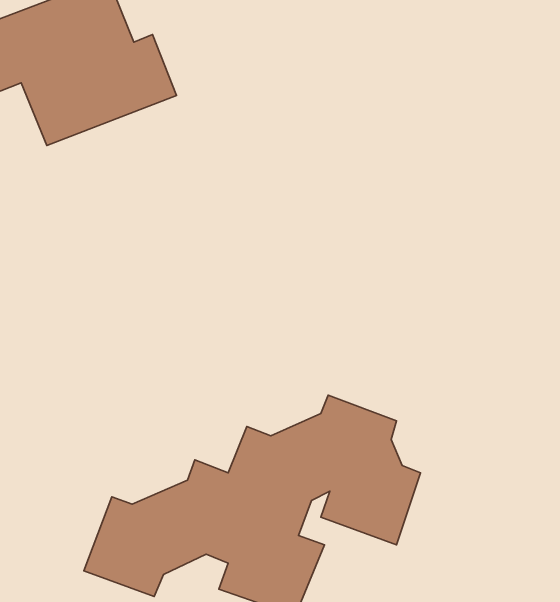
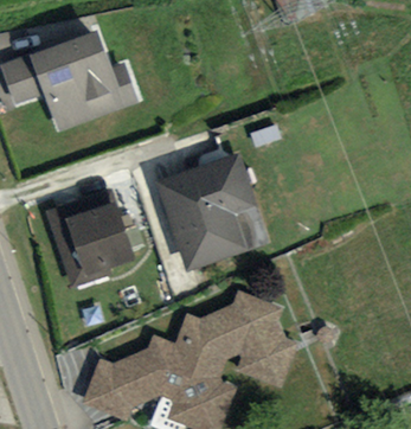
building: none -> [158,152,257,270]
building: none -> [53,204,145,283]

